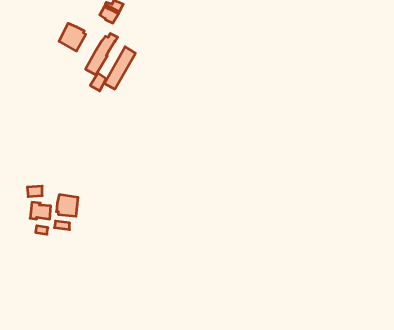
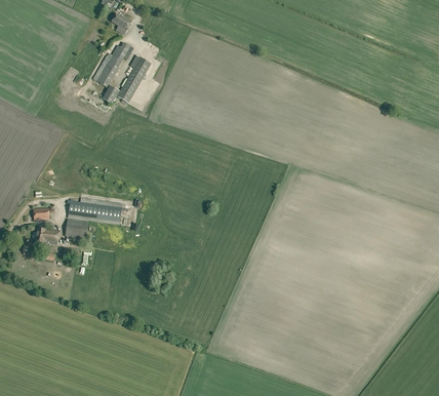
building: [59,23,86,51] -> none
building: none -> [68,200,122,222]

